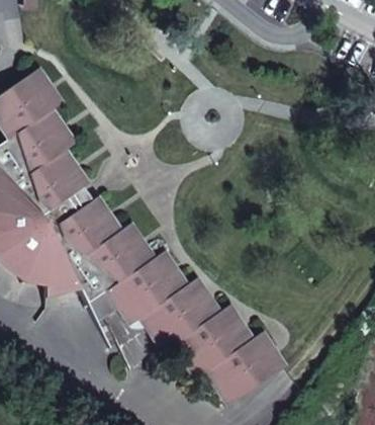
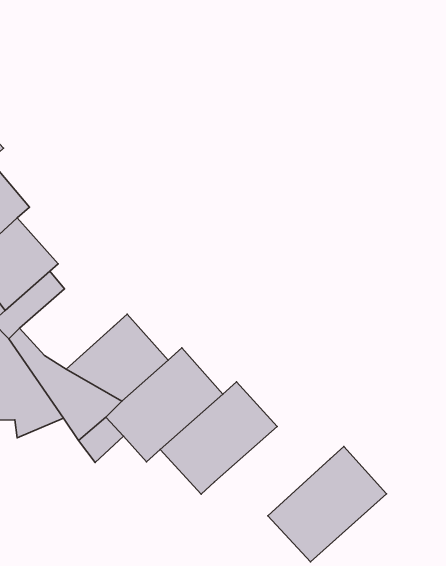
building: [58,196,120,254] -> none
building: [174,304,253,376] -> none

